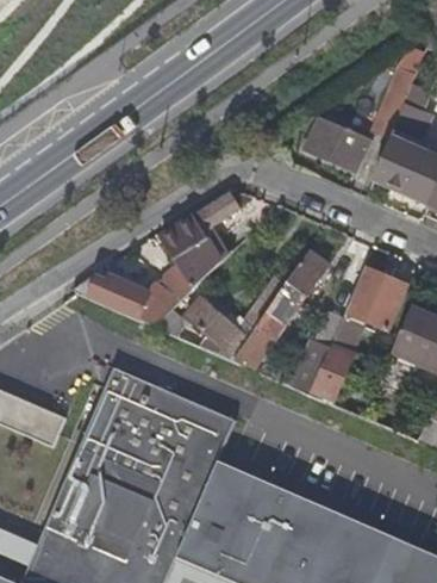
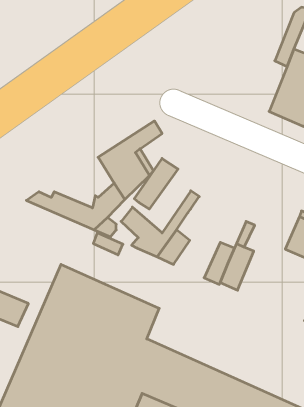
building: [300,114,370,172] -> none
building: [275,250,330,314] -> [134,158,178,209]
building: [347,267,407,329] -> none

